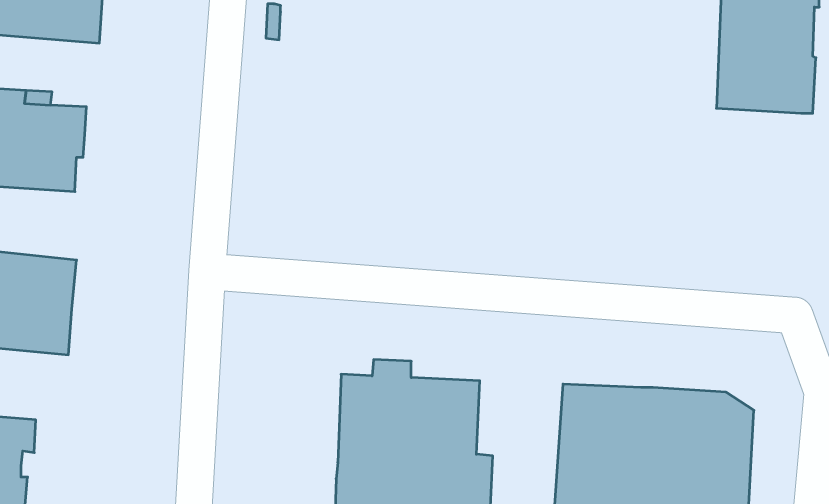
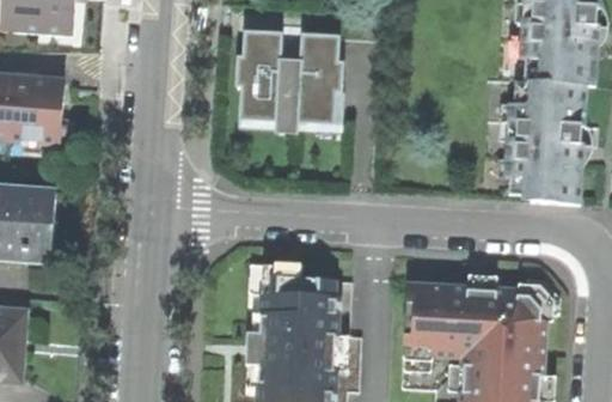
building: none -> [234,28,344,122]
building: none -> [508,80,587,202]

